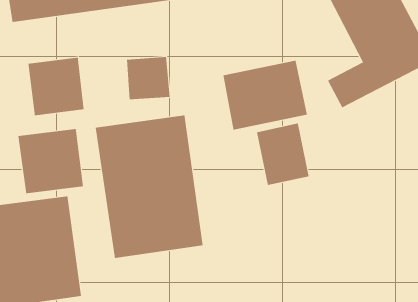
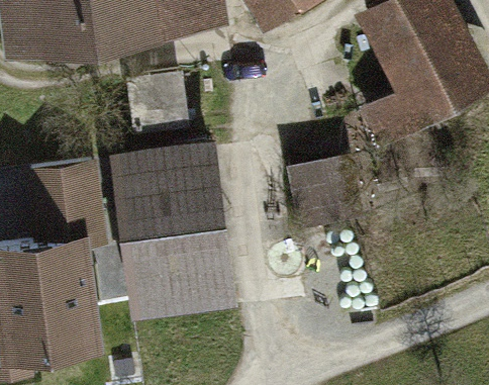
building: [28,57,84,116] -> none
building: [223,60,307,131] -> none

